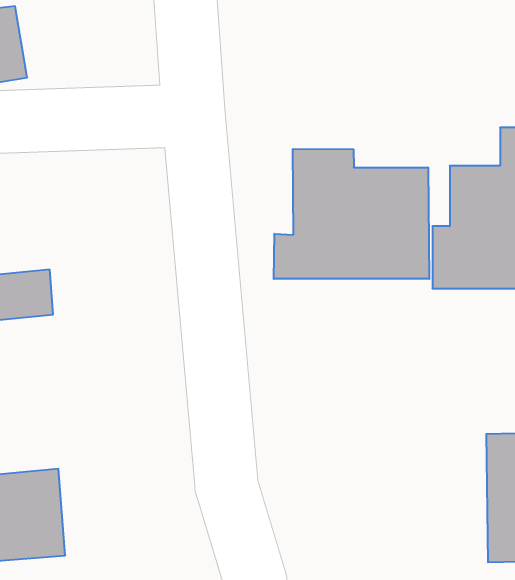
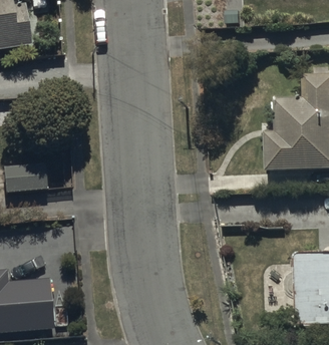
building: [274,149,429,279] -> none

